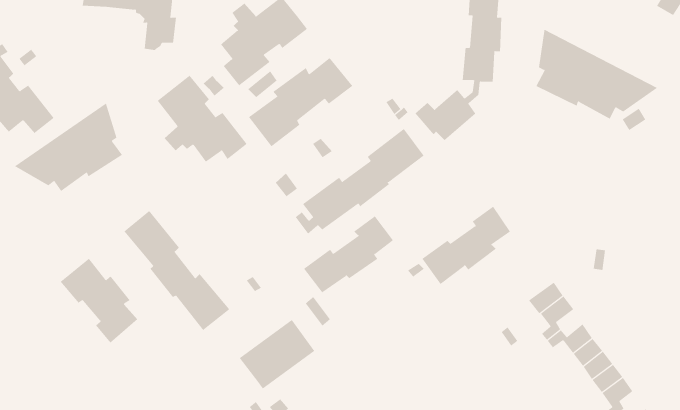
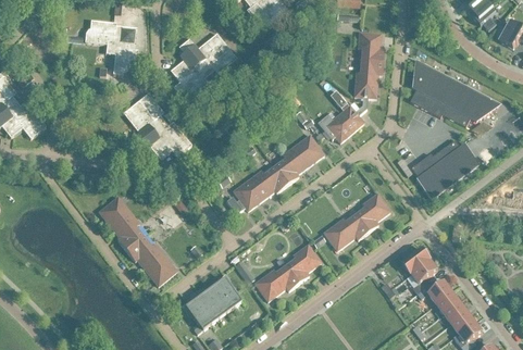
building: [248,57,353,147] -> none
building: [14,102,123,192] -> none
building: none -> [411,139,480,199]
building: [303,216,394,293] -> [253,242,322,301]
building: [60,258,138,344] -> none

